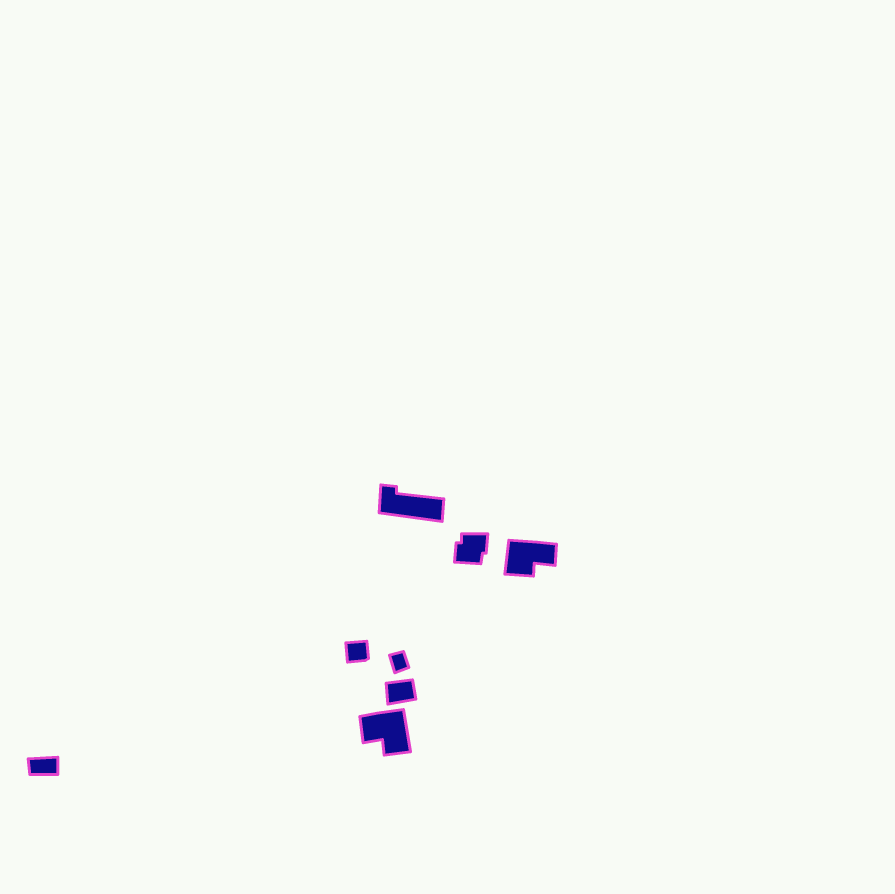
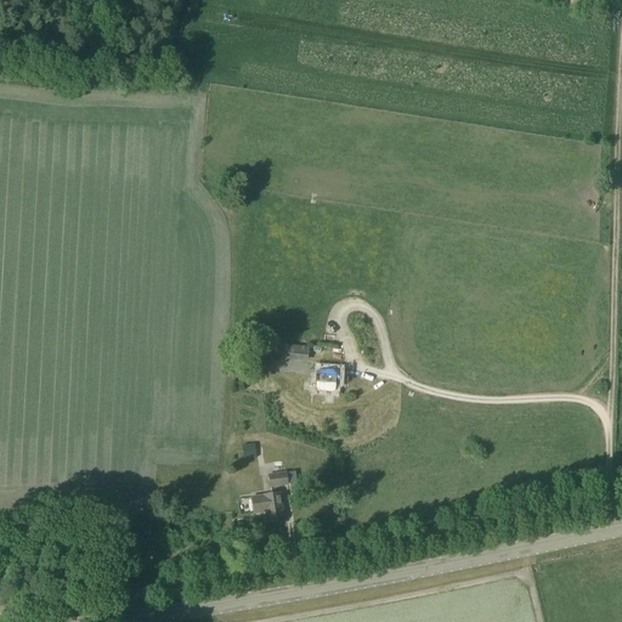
building: [505,540,556,576] -> none

